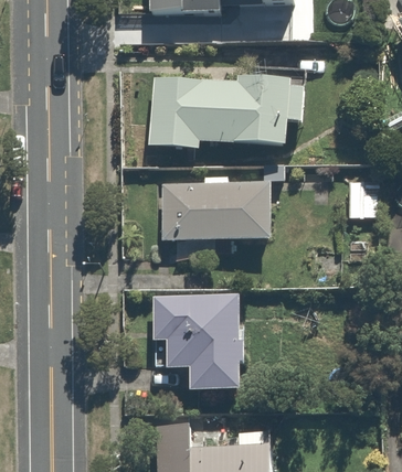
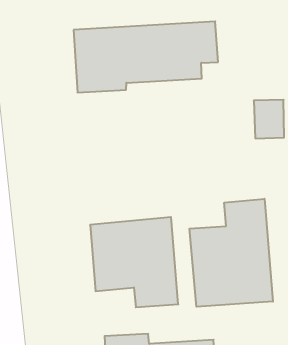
building: [159,172,273,242] -> none
building: none -> [190,199,273,307]

